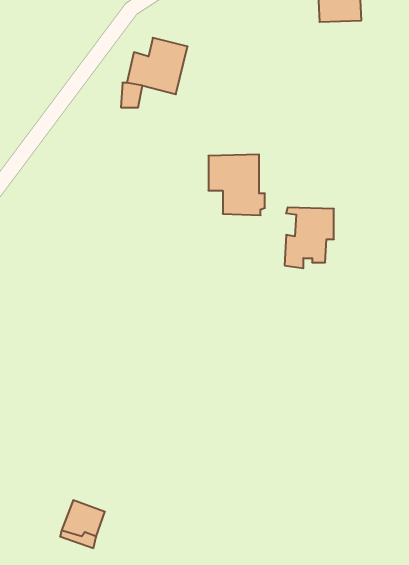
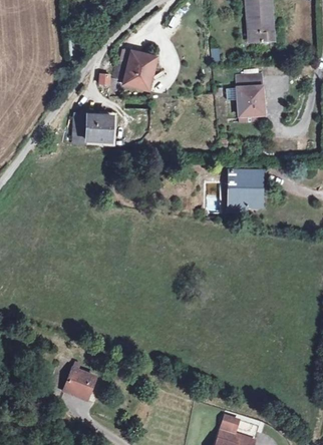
building: none -> [83,114,110,140]
building: [208,154,265,215] -> [227,71,266,113]

